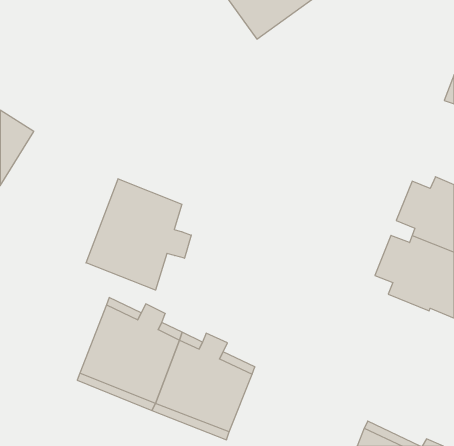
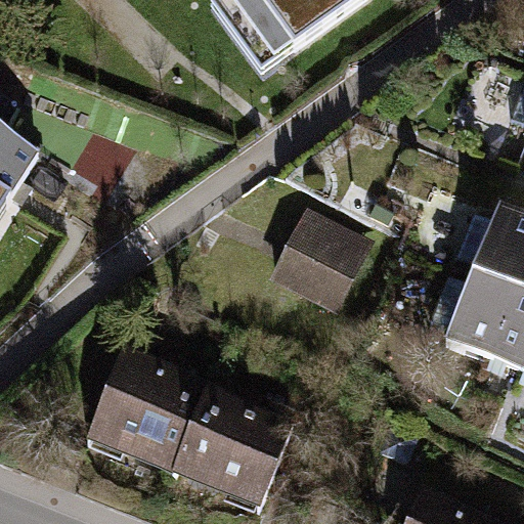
building: [86,179,191,290] -> none
building: none -> [276,216,366,303]

